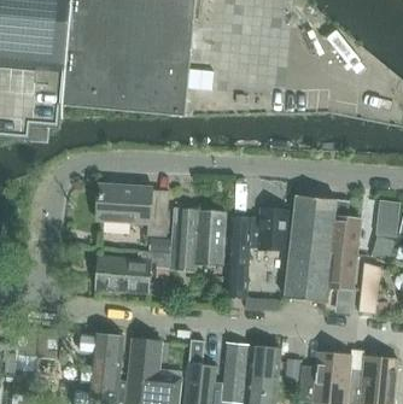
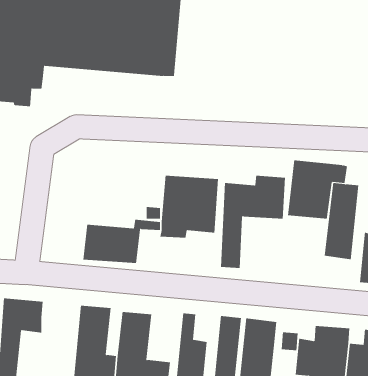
building: [100,185,169,236] -> none
building: [285,247,329,301] -> none

